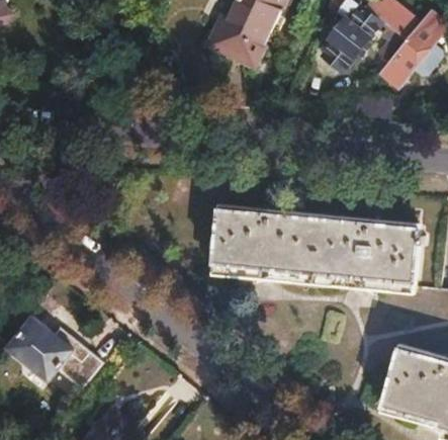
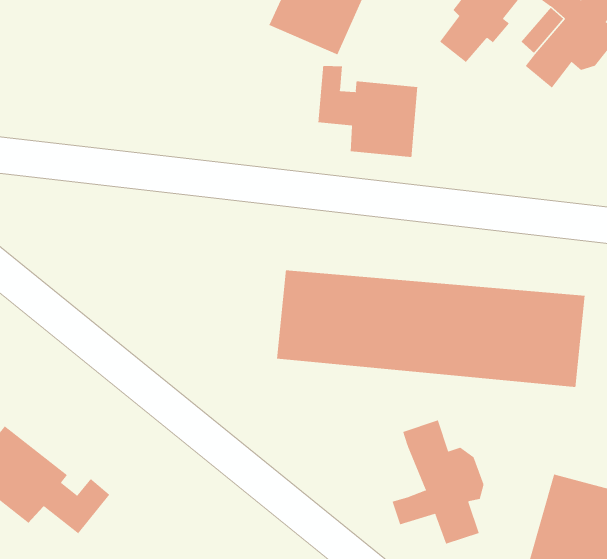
building: none -> [318,65,418,158]
building: none -> [392,419,484,545]

